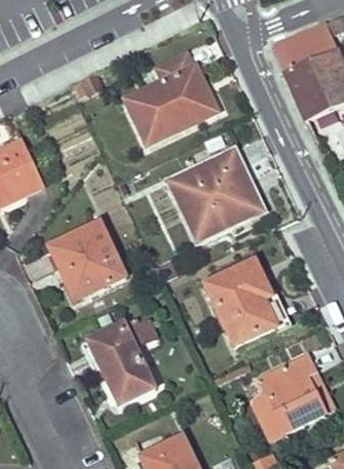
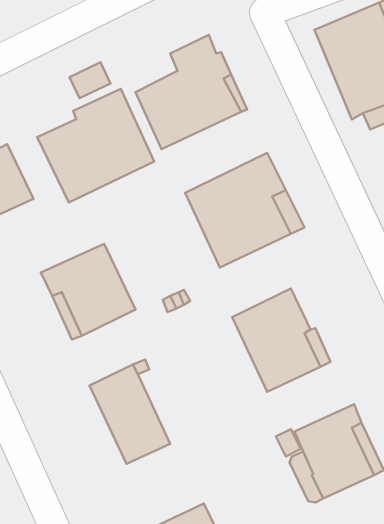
building: none -> [37,89,154,203]

